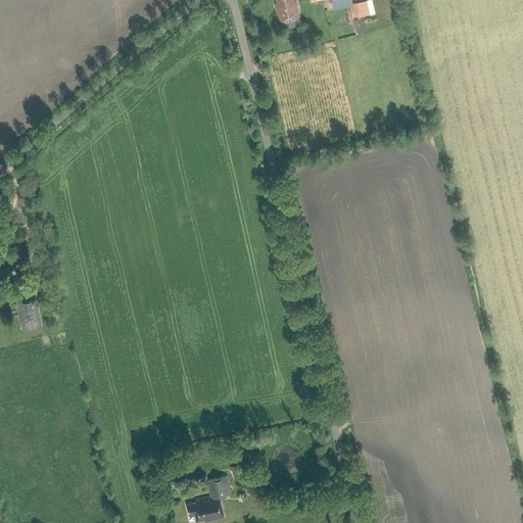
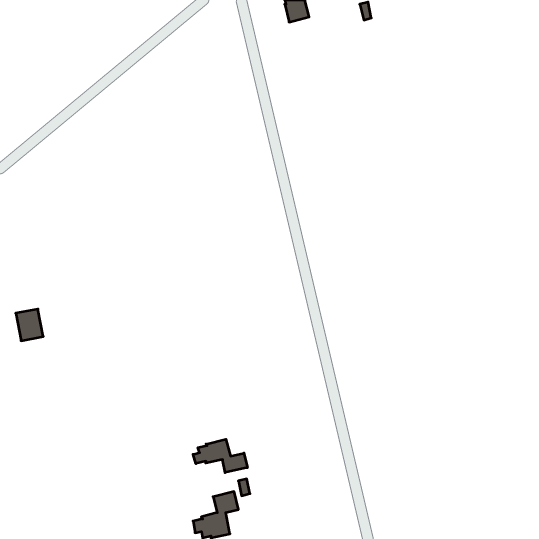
building: none -> [193,439,247,473]

